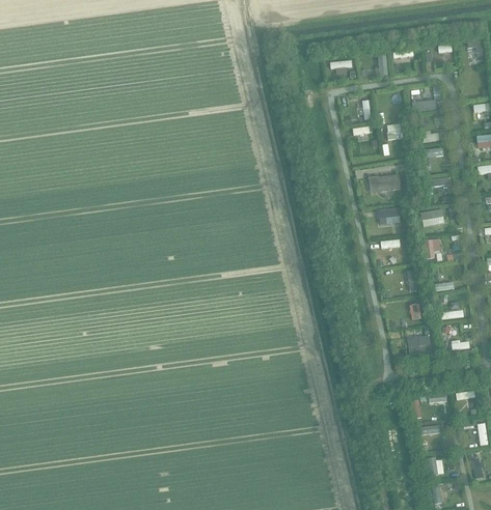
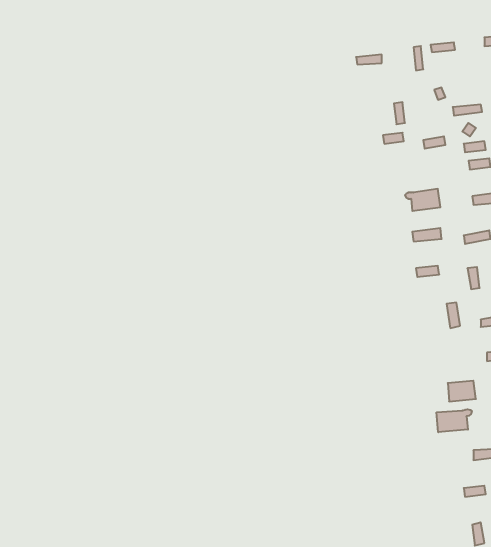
building: none -> [437,409,472,432]

